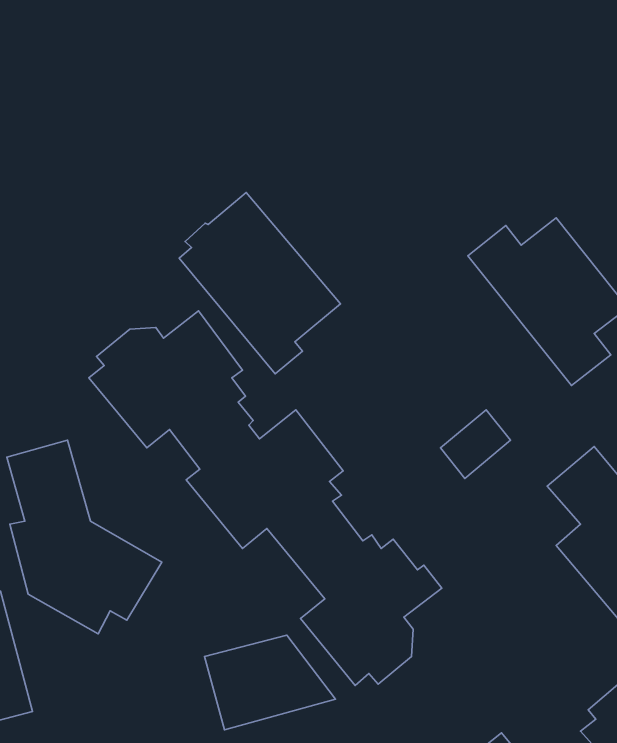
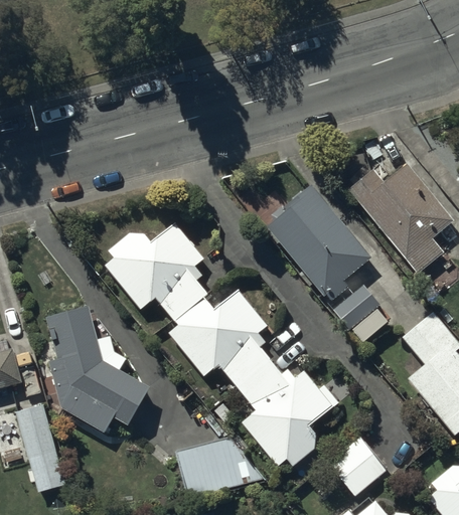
building: [179,193,341,374] -> [268,181,374,301]
building: none -> [328,436,390,496]

